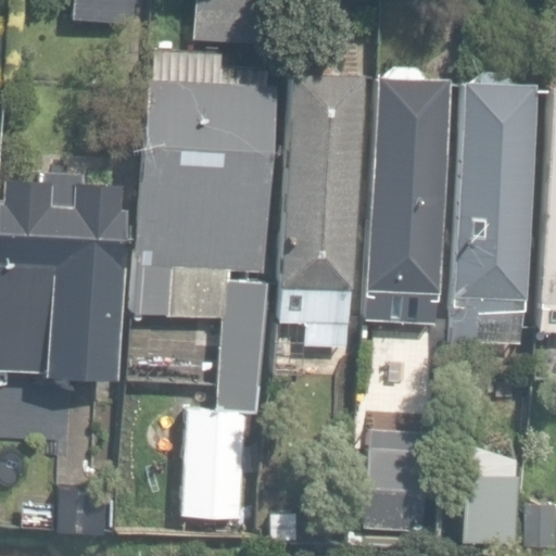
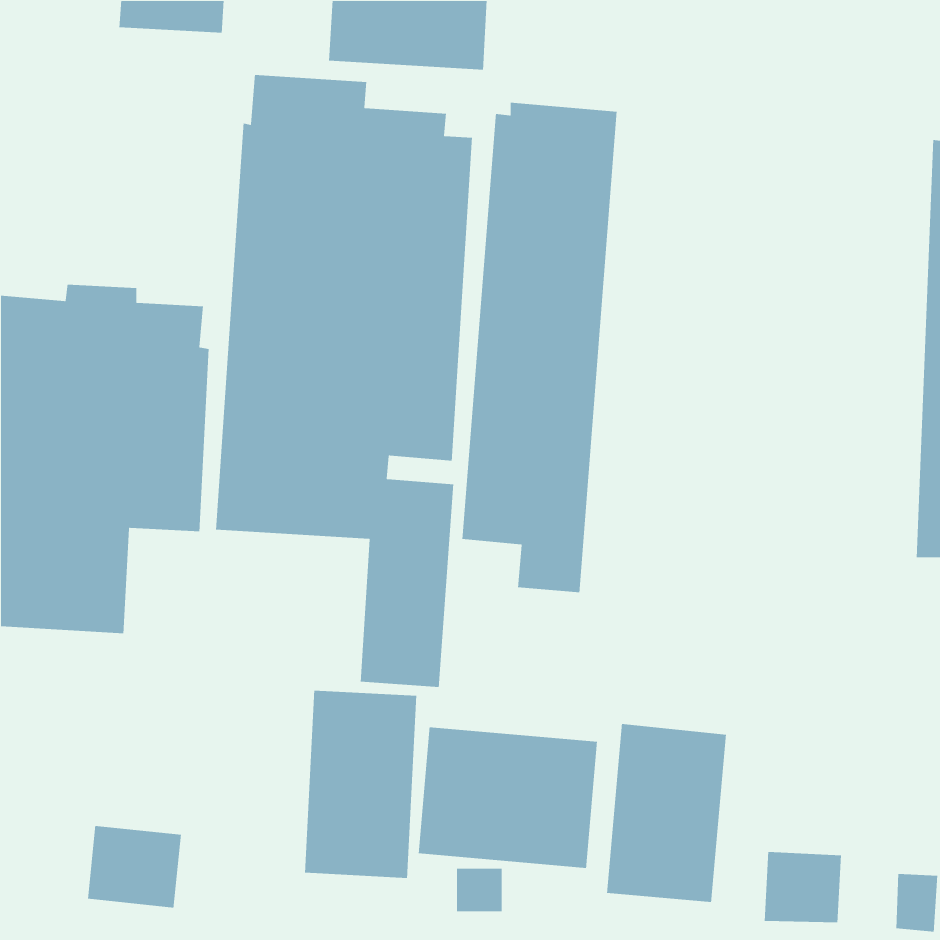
building: [364,65,450,324] -> none
building: [448,76,539,355] -> none
building: none -> [418,726,598,869]

